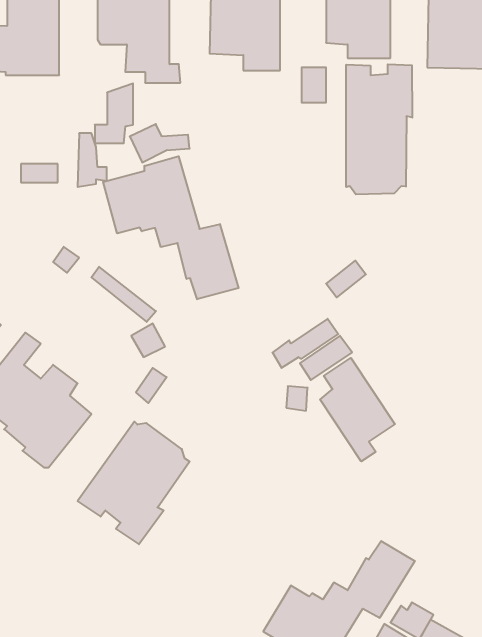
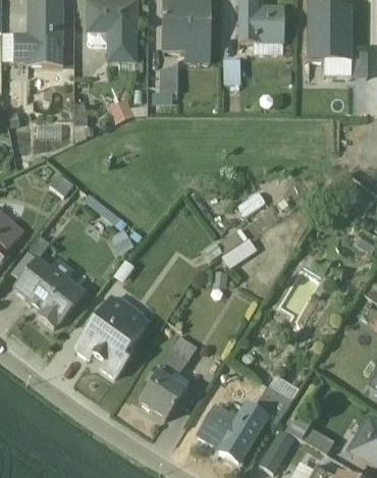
building: [346,64,412,194] -> none
building: [95,83,133,143] -> [153,63,178,103]
building: [103,156,239,299] -> none
building: [320,358,395,461] -> none
building: none -> [140,333,199,419]

